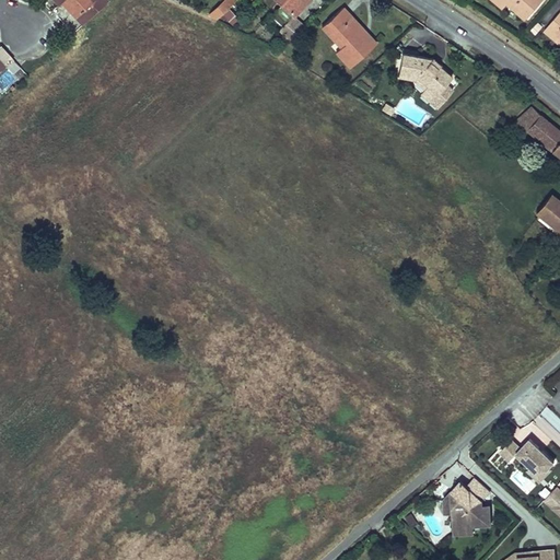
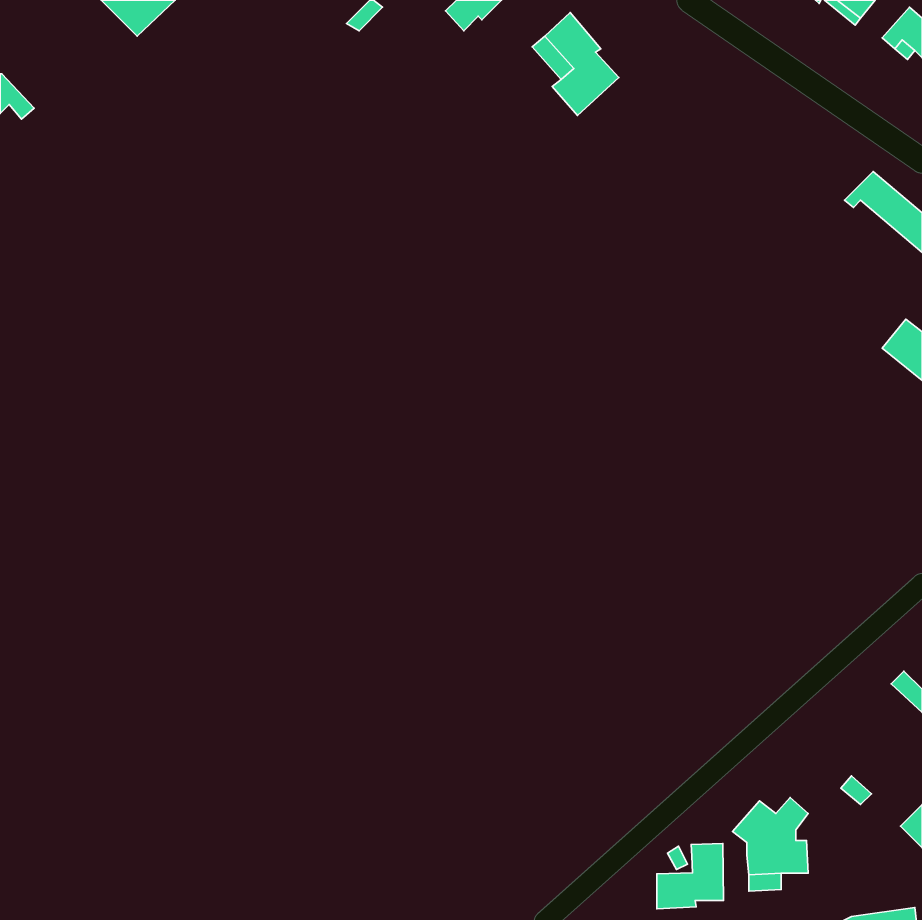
building: [398,52,452,106] -> none
building: [500,442,555,475] -> none
building: none -> [657,843,724,909]

